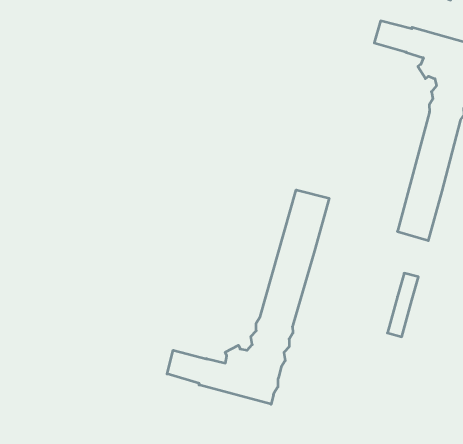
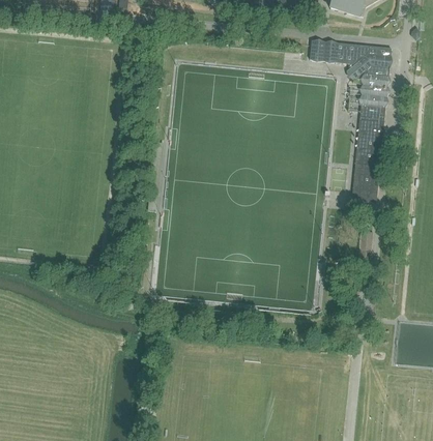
building: [167,190,329,404] -> none

